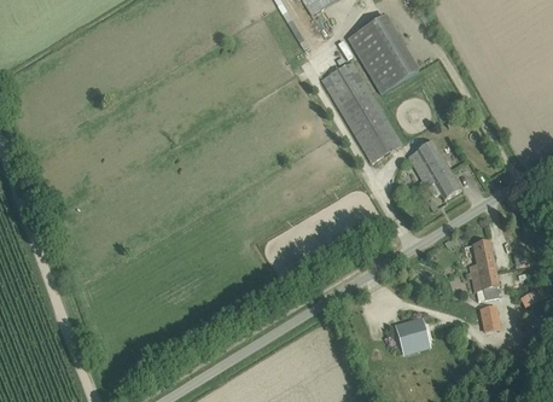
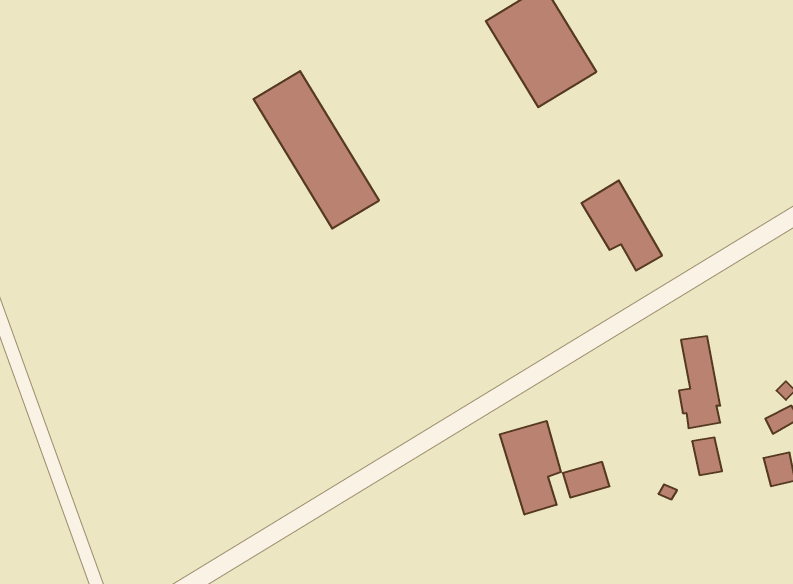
building: [320,59,401,161] -> [253,71,379,229]
building: none -> [500,421,561,515]

